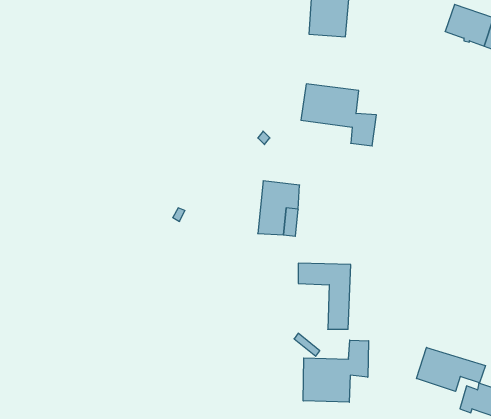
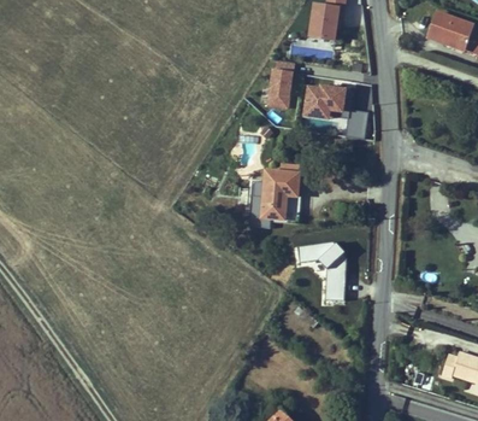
building: none -> [267,60,293,109]
building: [303,340,369,402] -> none
building: [417,347,485,391] -> none

